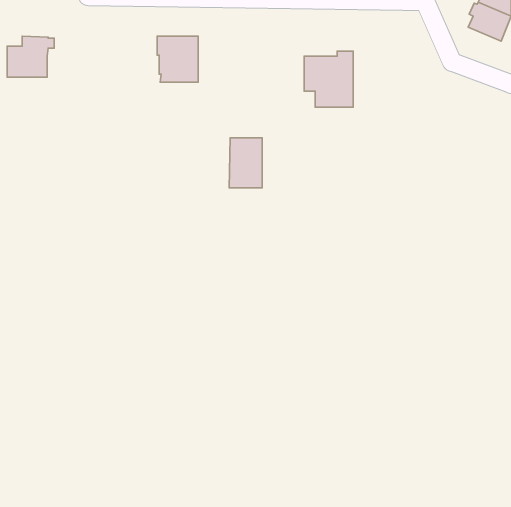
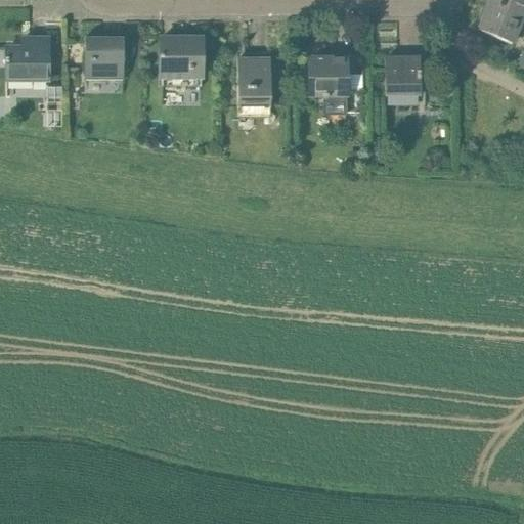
building: none -> [85,37,123,78]
building: none -> [386,56,421,94]
building: [229,138,262,188] -> [237,52,271,103]

